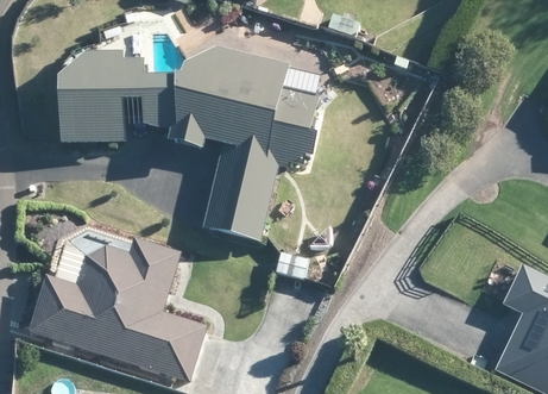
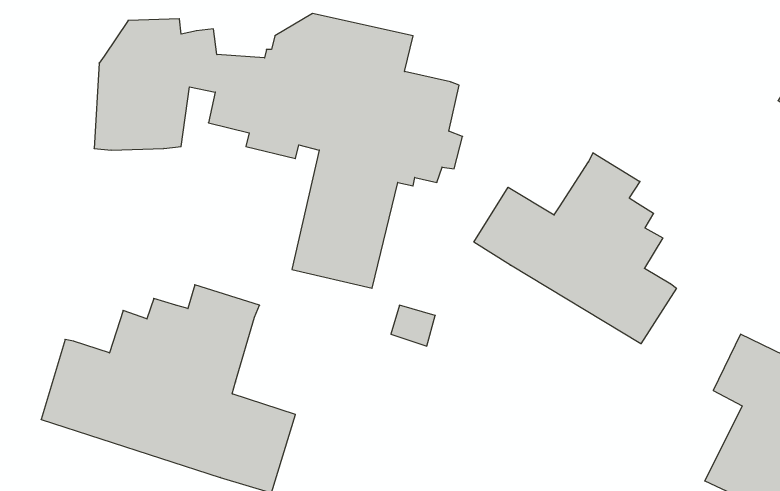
building: none -> [474,153,676,344]

